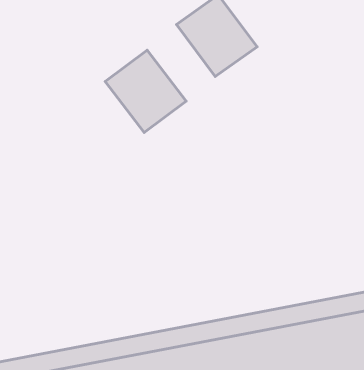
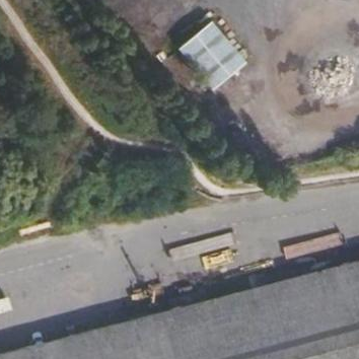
building: [105,50,186,132] -> none

